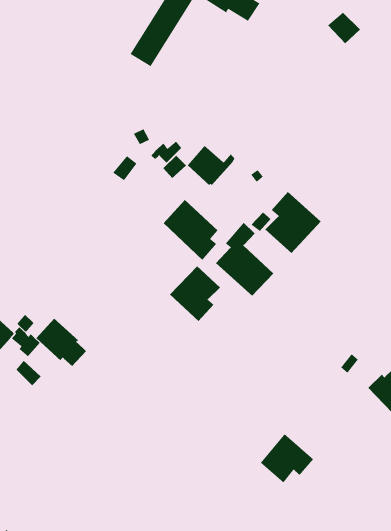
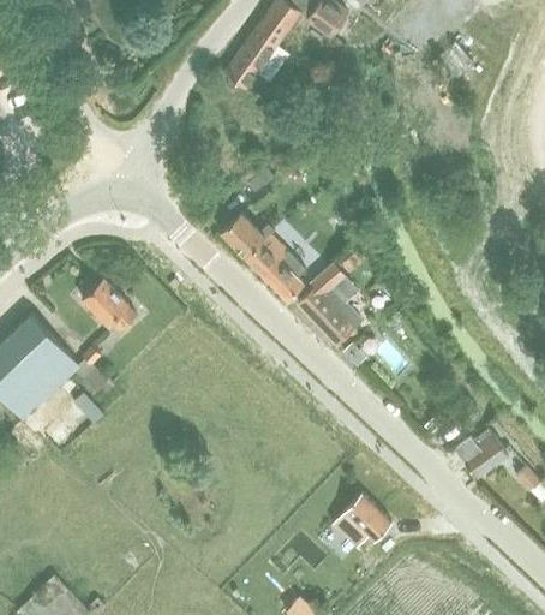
building: [187,145,236,186] -> [221,215,274,259]
building: [264,191,322,254] -> none
building: [169,265,221,322] -> none
building: [35,318,87,367] -> [82,279,136,333]

